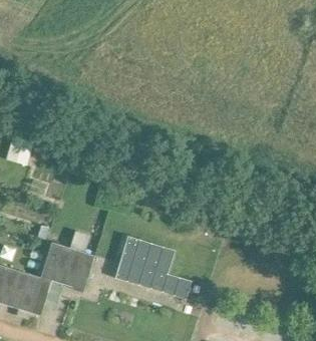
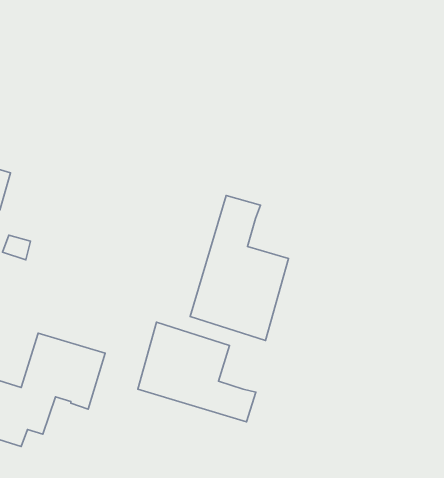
building: none -> [190,195,289,341]

